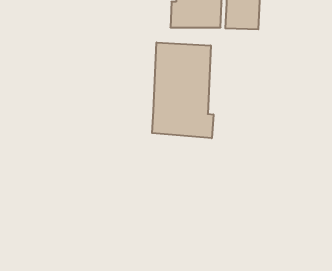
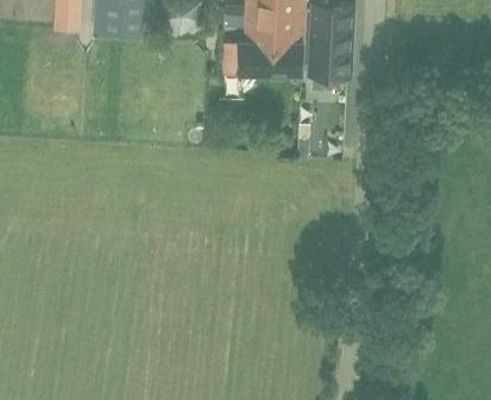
building: [152,42,213,138] -> none

